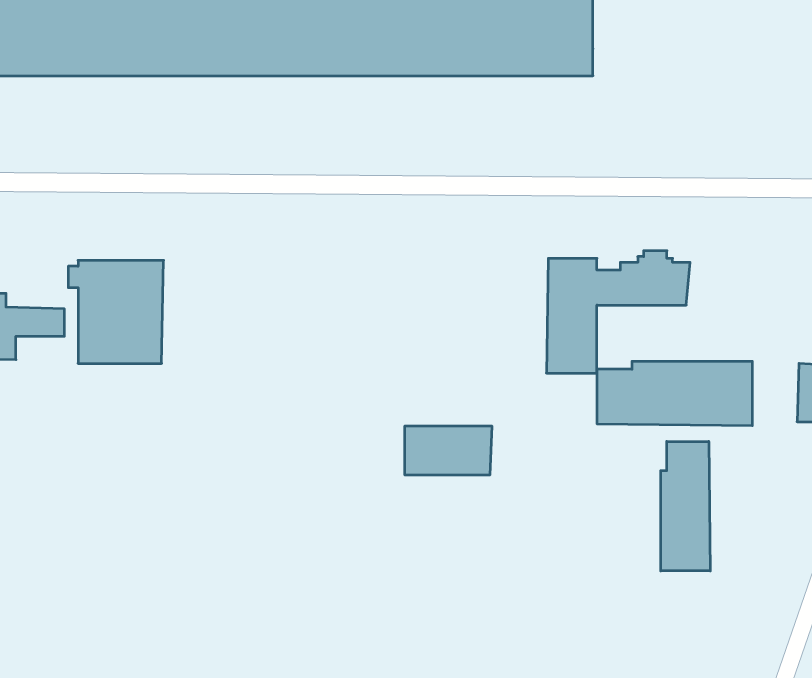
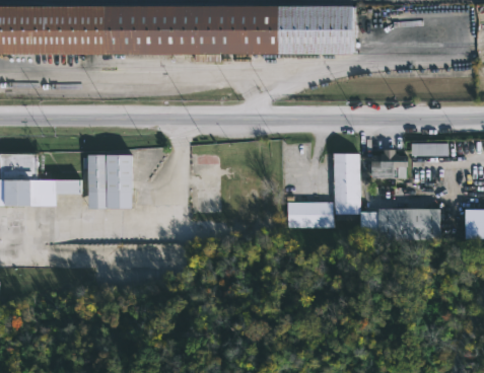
building: none -> [412,141,448,155]
building: [405,426,492,475] -> [286,201,332,226]
building: [661,441,710,571] -> none

